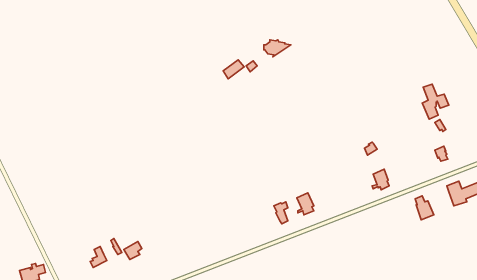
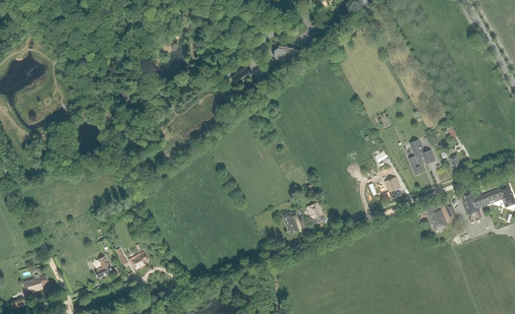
building: [422,84,449,119] -> [408,139,436,175]

